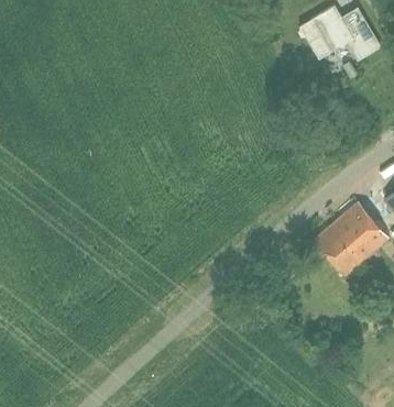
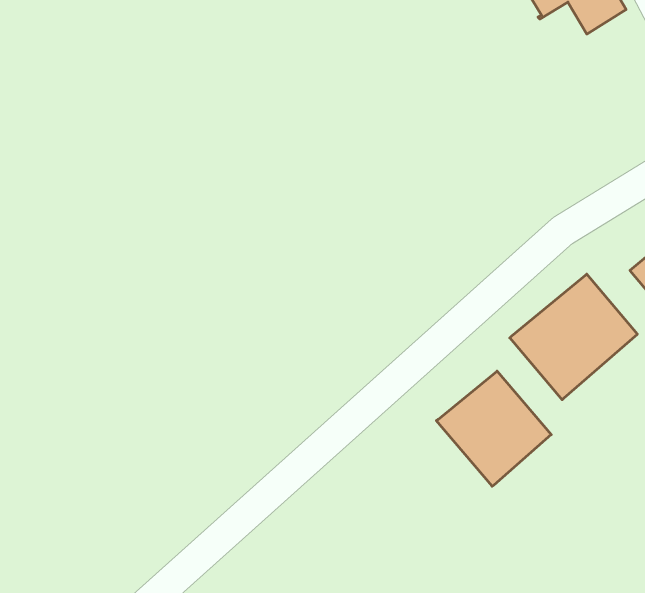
building: none -> [436,371,551,486]

